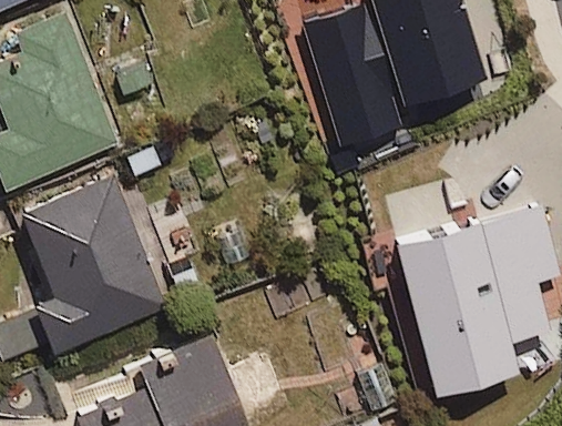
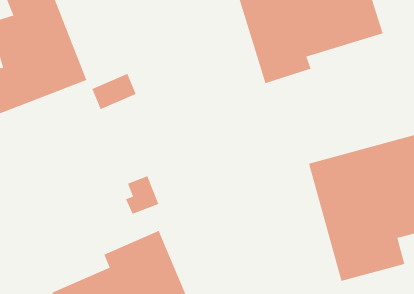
building: [17,172,163,348] -> none

